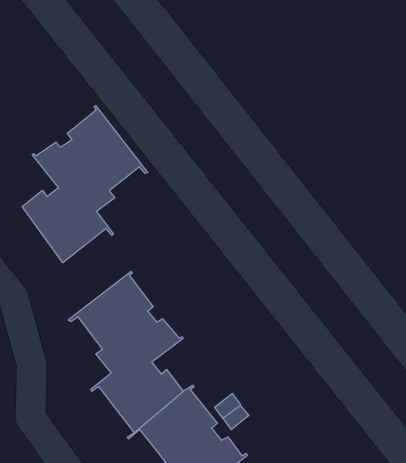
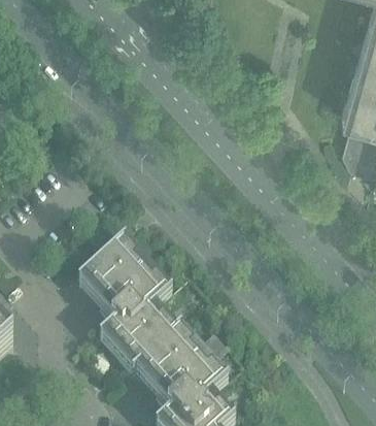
building: [22,106,148,263] -> none

